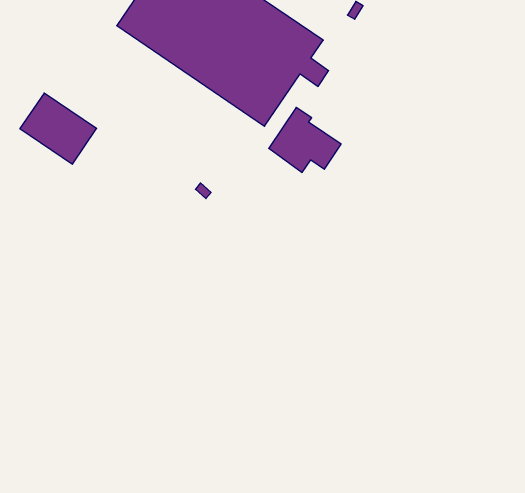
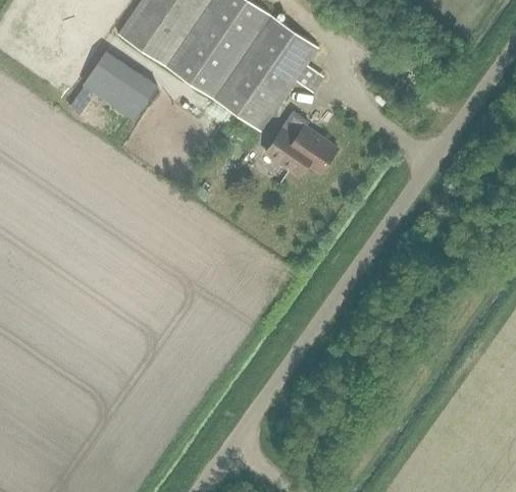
building: [20,93,97,164] -> [82,51,156,120]

